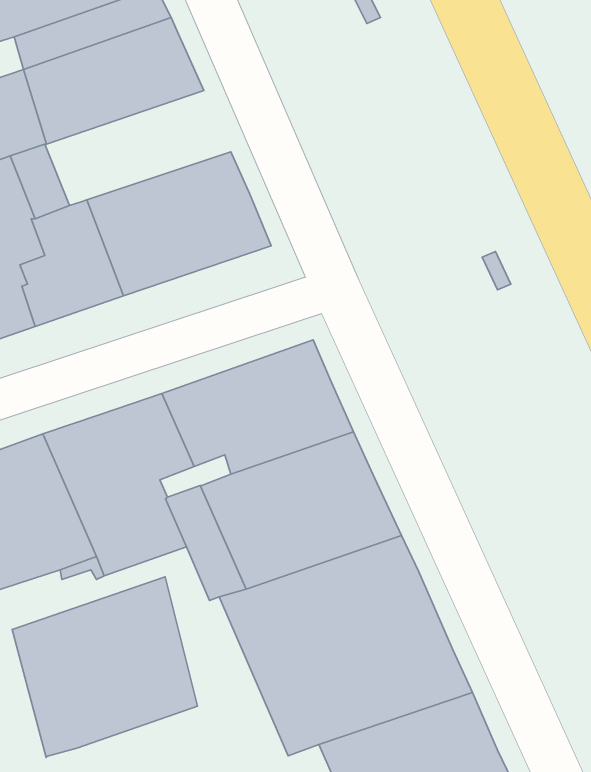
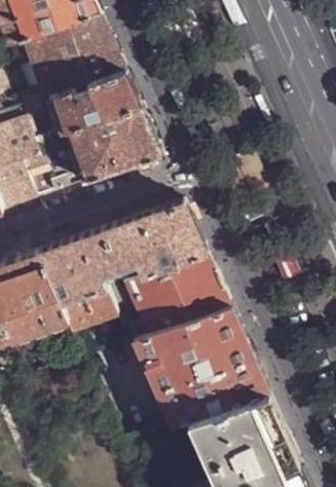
building: none -> [46,73,139,133]
building: [12,577,198,758] -> none

